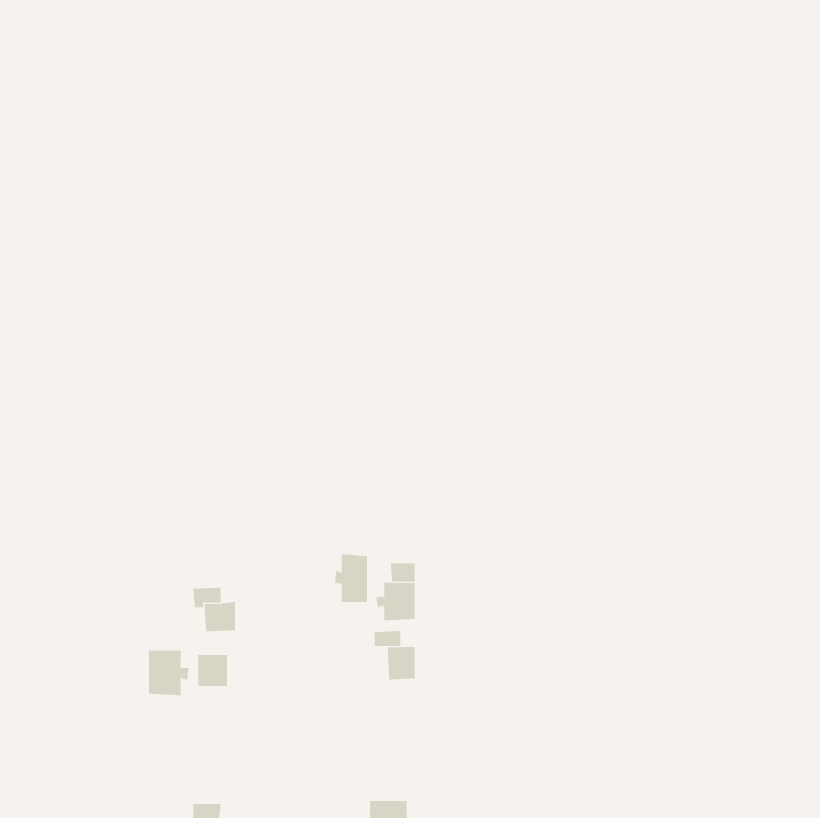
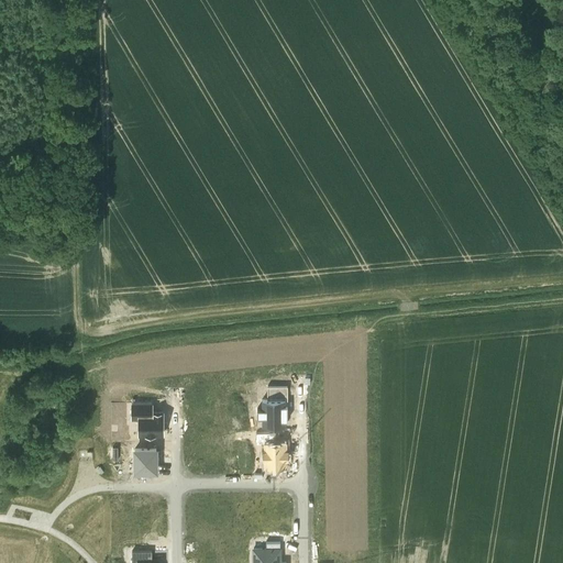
building: [335,553,368,603] -> none
building: [149,650,189,696] -> none

